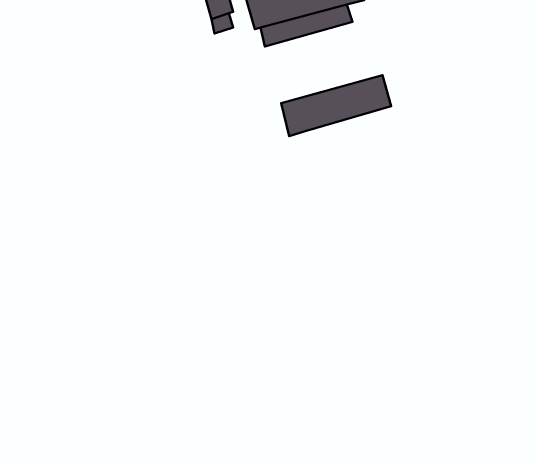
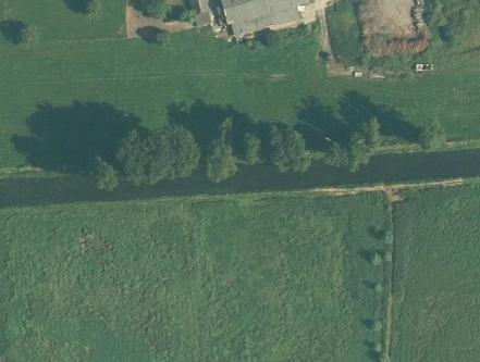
building: [281,75,391,136] -> none

